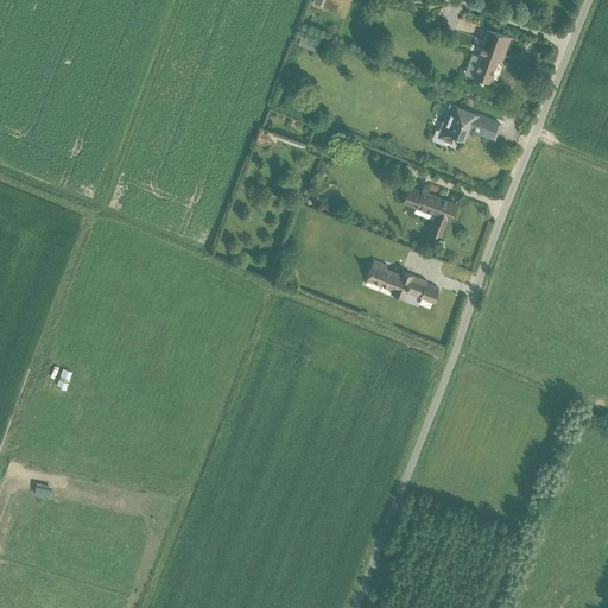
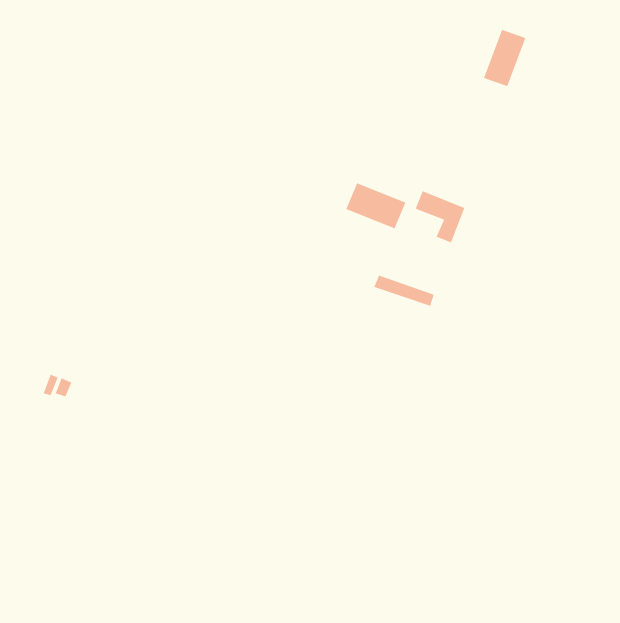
building: [441,101,500,139] -> none
building: none -> [346,182,406,229]

